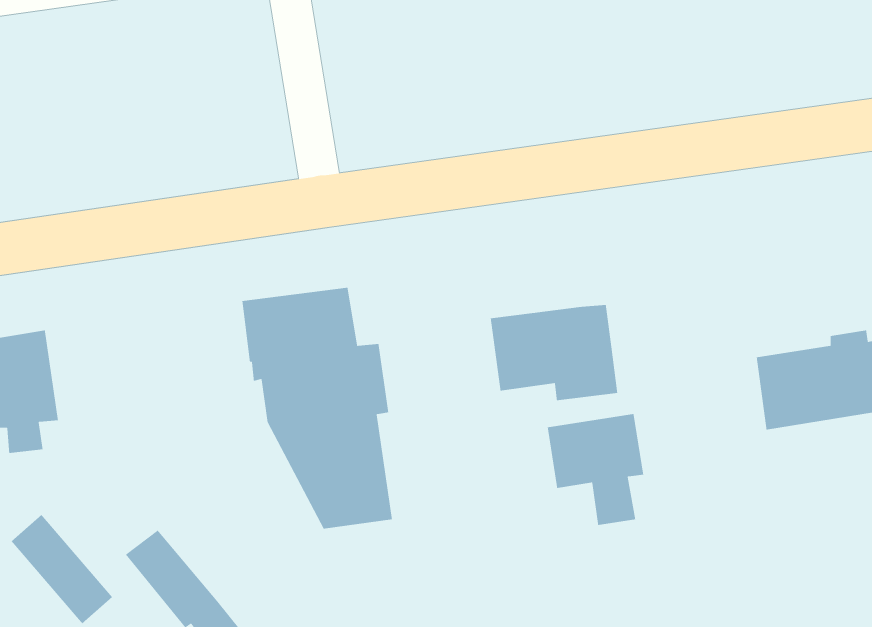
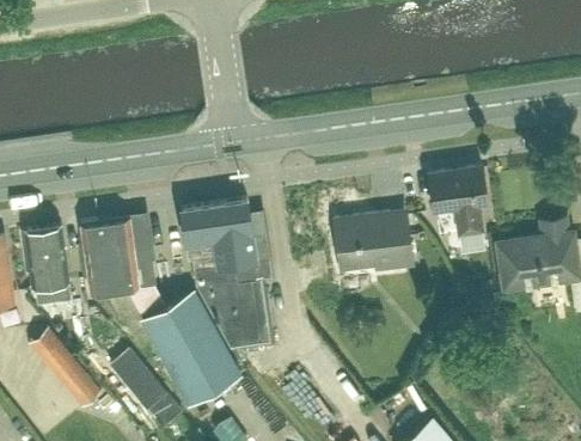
building: none -> [80,219,153,298]
building: [547,413,644,526] -> [427,166,487,235]
building: none -> [142,293,239,404]

